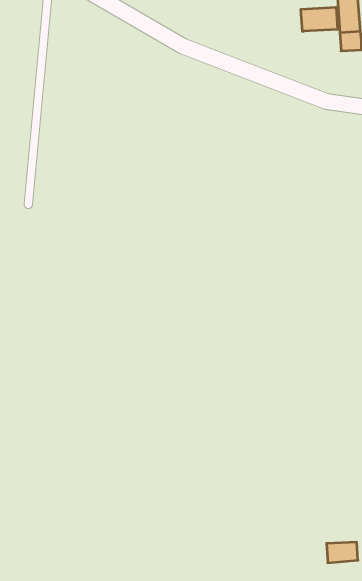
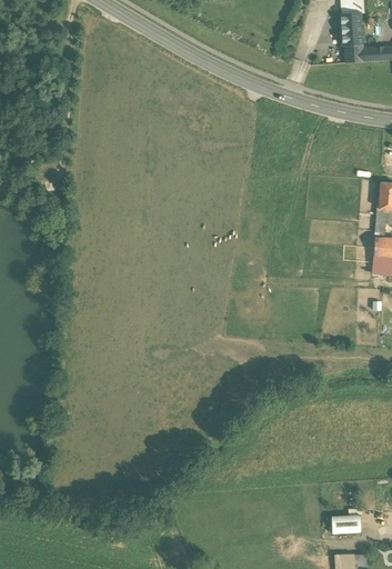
building: [301,7,338,31] -> none

